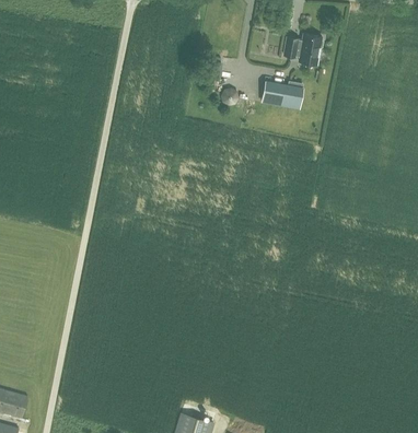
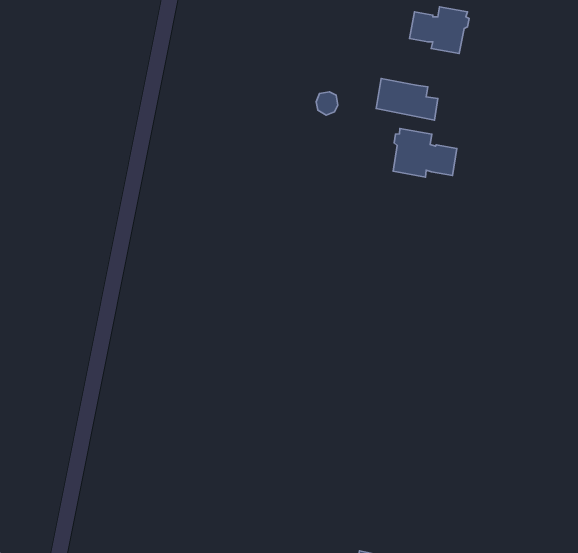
building: none -> [393,129,457,177]

